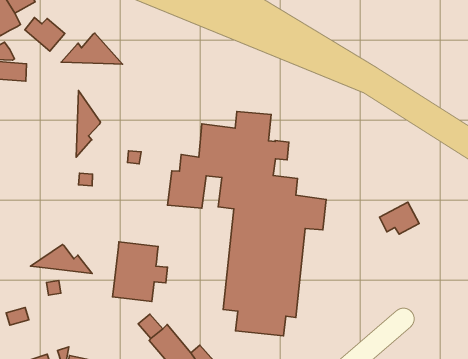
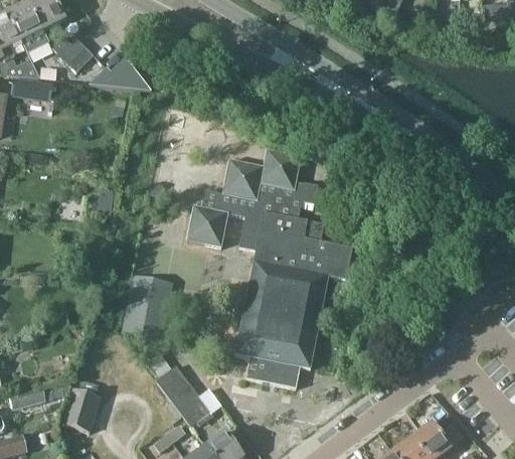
building: [76,90,100,157] -> none
building: [380,202,419,234] -> none
building: [31,244,92,273] -> none

